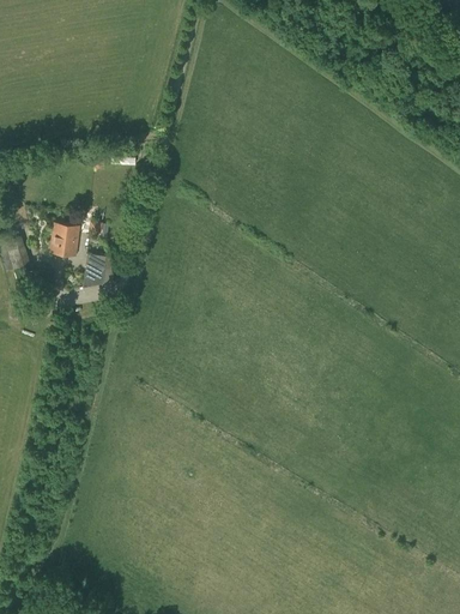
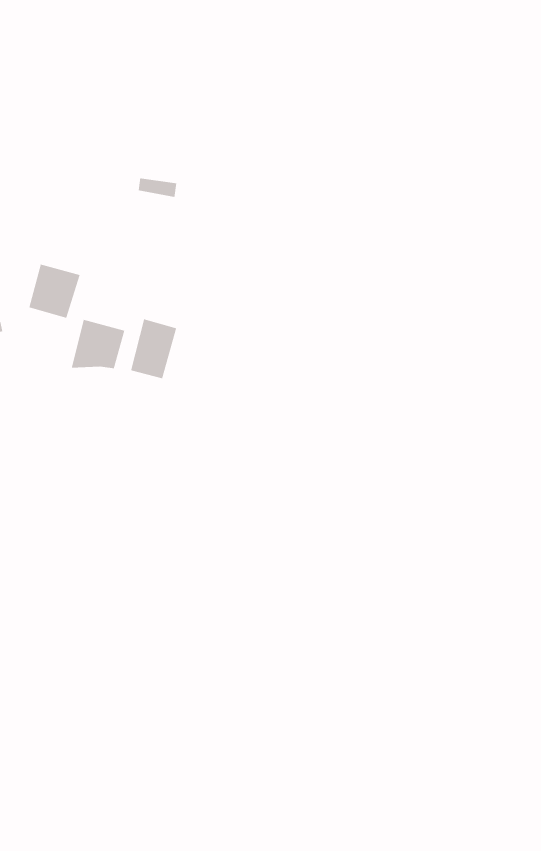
building: none -> [131,319,177,379]

